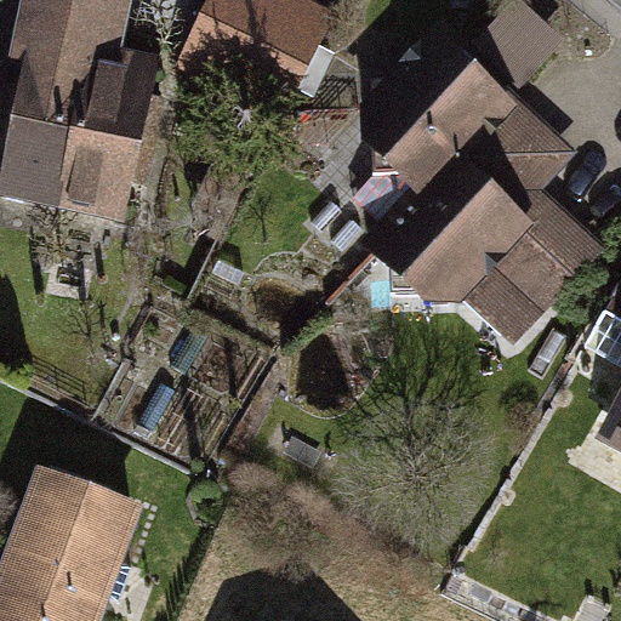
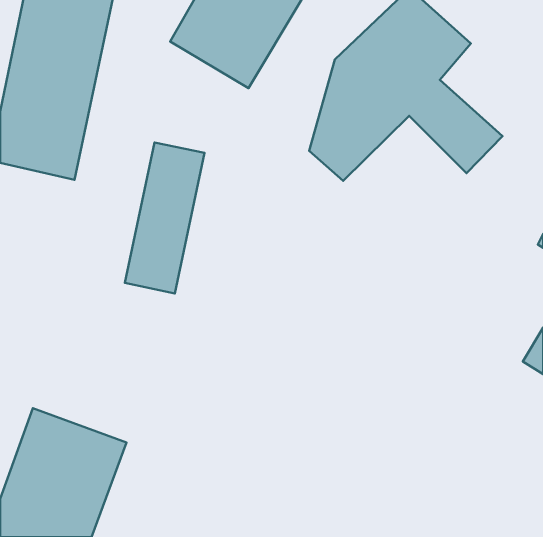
building: [85,45,176,217] -> [125,142,204,293]
building: [360,132,596,336] -> none

